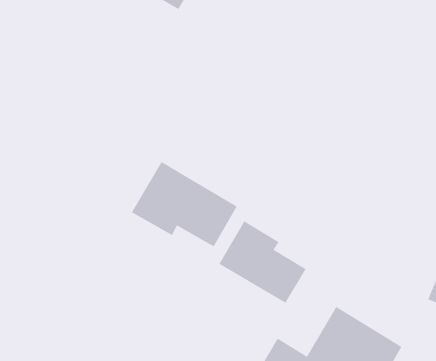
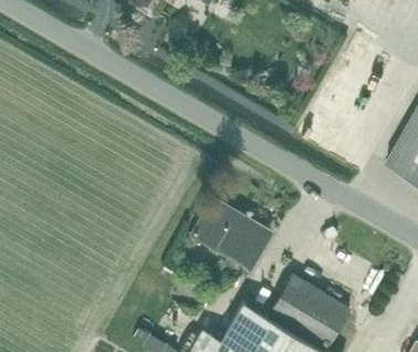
building: [131,161,238,247] -> none

